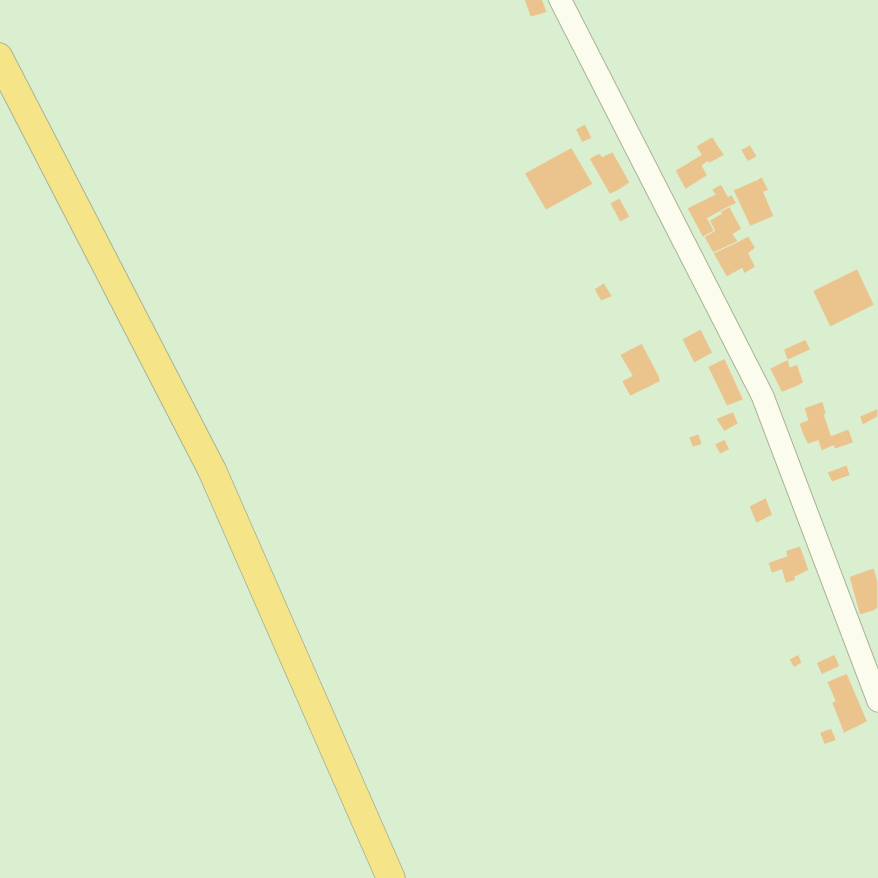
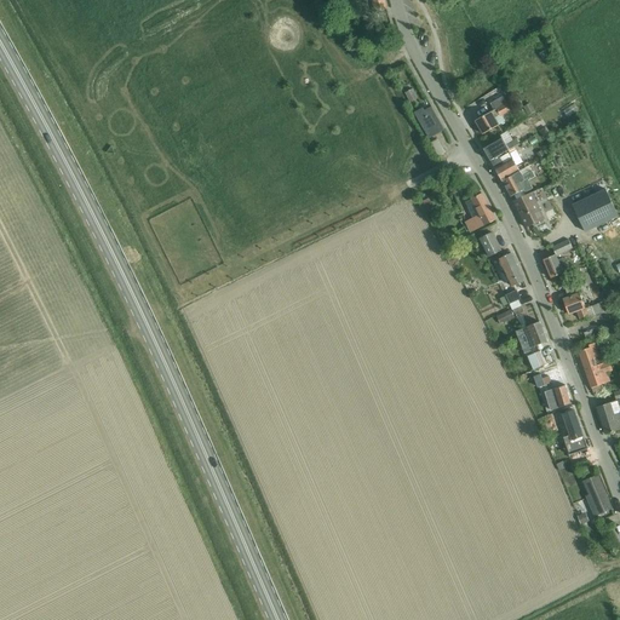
building: [524,147,593,210] -> none
building: [733,176,774,226] -> [512,190,541,225]
building: [620,343,661,397] -> [465,193,494,230]
building: none -> [515,321,546,354]
building: none -> [579,341,612,395]
building: none -> [562,408,586,454]

